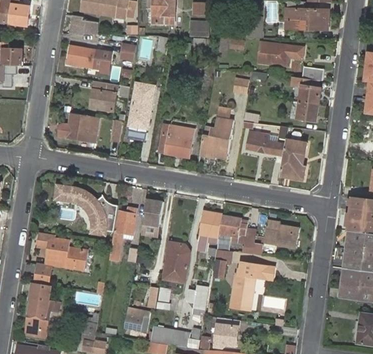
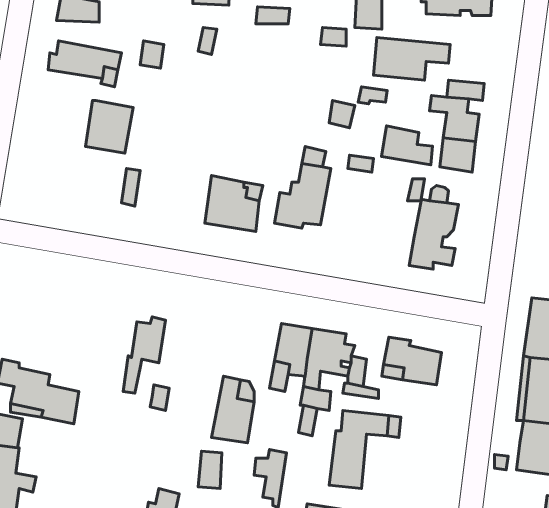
building: [127,83,154,139] -> none
building: [59,112,101,142] -> none
building: [247,131,277,154] -> [381,126,433,165]
building: [53,184,117,235] -> none
building: [142,199,163,226] -> none

